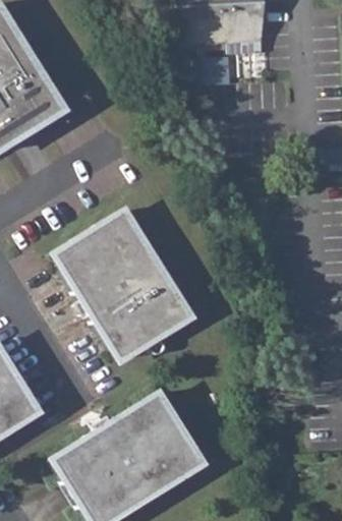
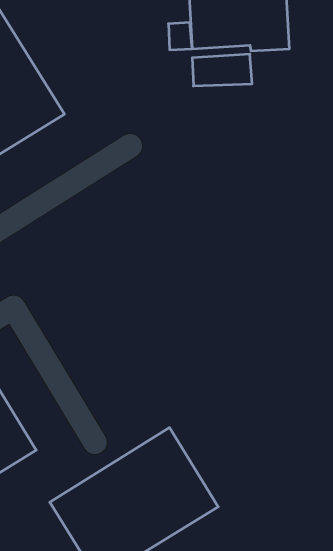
building: [58,211,195,361] -> none

